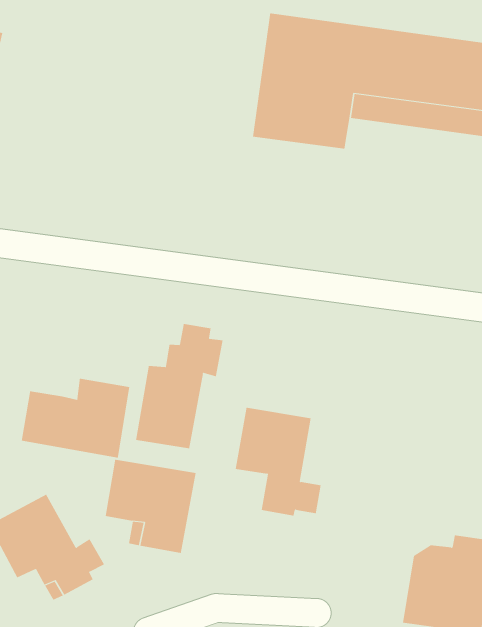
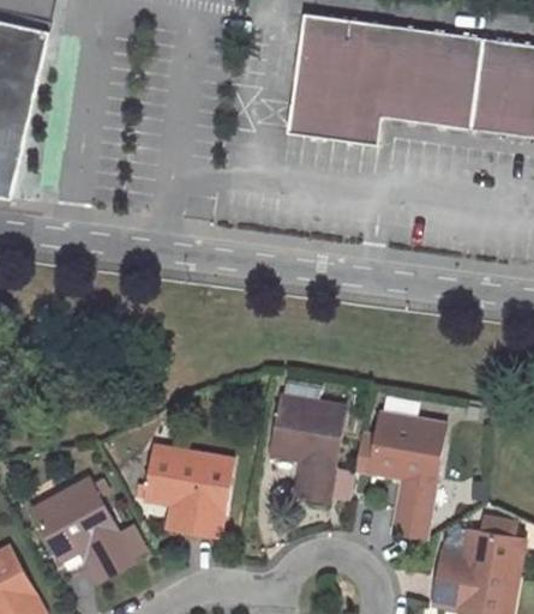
building: [136,323,223,449] -> none
building: [21,378,130,459] -> none
building: none -> [355,413,445,518]

